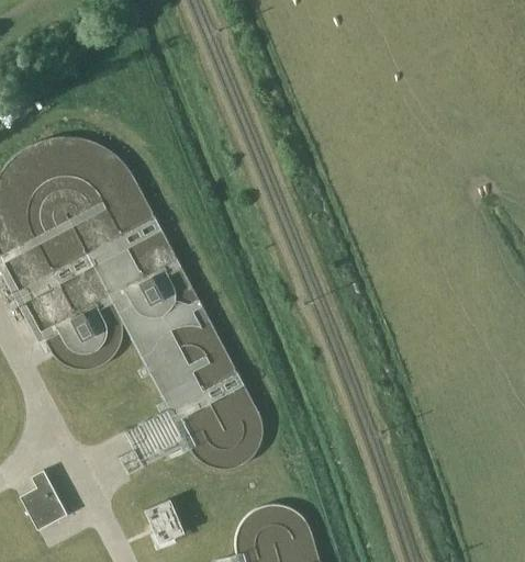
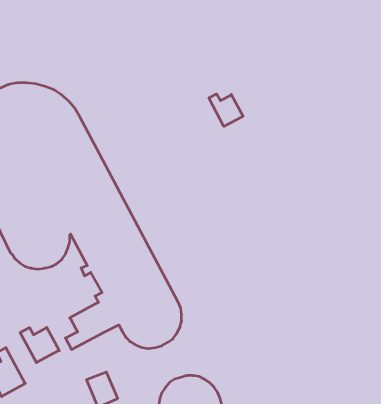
building: none -> [209,94,243,126]
building: none -> [20,327,59,363]

